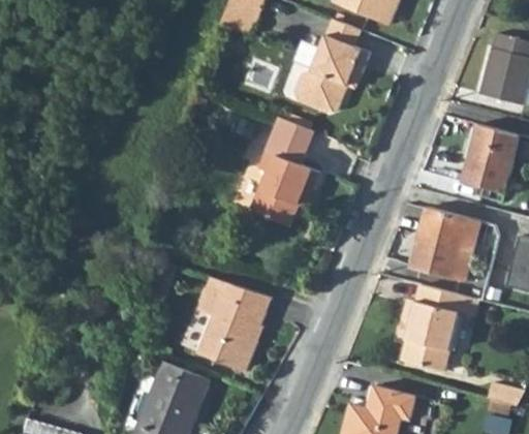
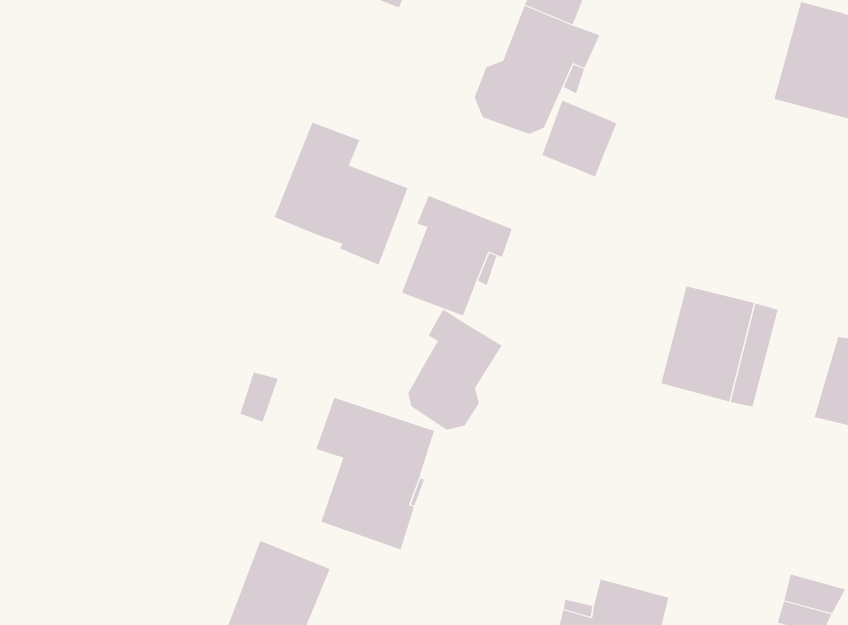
building: none -> [274,122,408,266]
building: [267,116,313,163] -> [542,100,617,177]
building: [460,125,518,193] -> none
building: none -> [408,309,503,431]
building: [394,283,475,371] -> none

